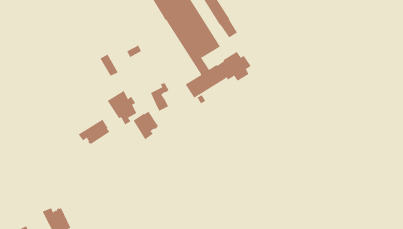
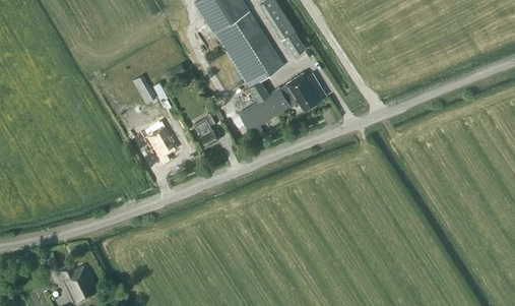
building: [133,111,159,140] -> none
building: [78,119,110,145] -> none

